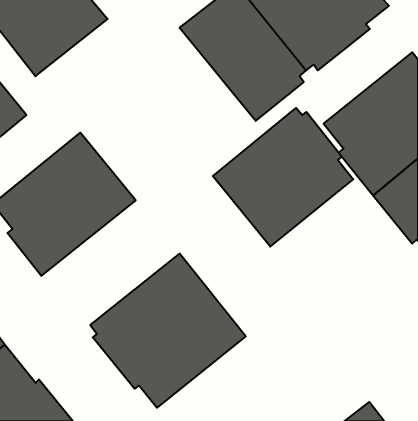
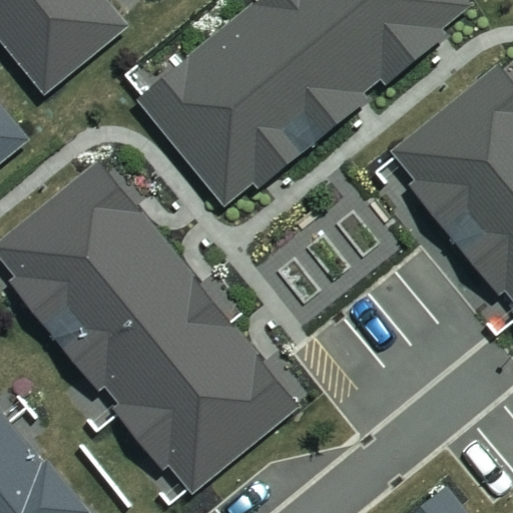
building: none -> [137,33,310,204]
building: [213,108,353,247] -> none
building: none -> [50,242,217,393]

